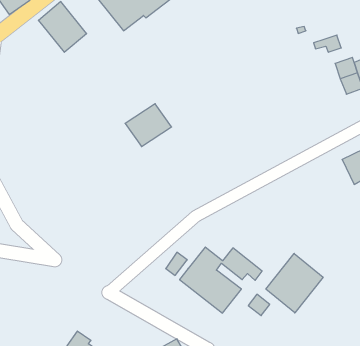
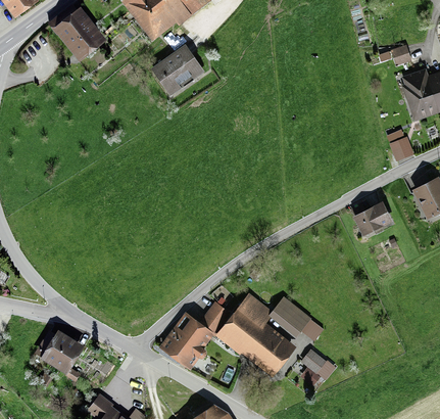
building: [125,104,172,147] -> [152,46,207,97]
building: none -> [390,139,415,164]
building: none -> [352,204,390,239]
building: [266,253,323,313] -> none
building: none -> [161,314,210,369]
building: none -> [36,332,82,377]

